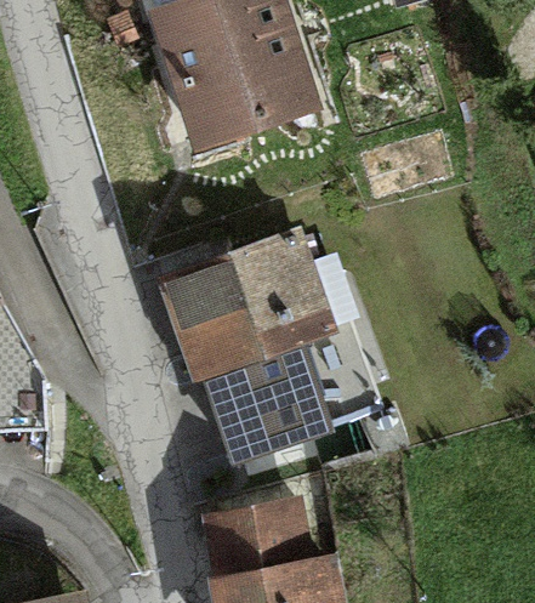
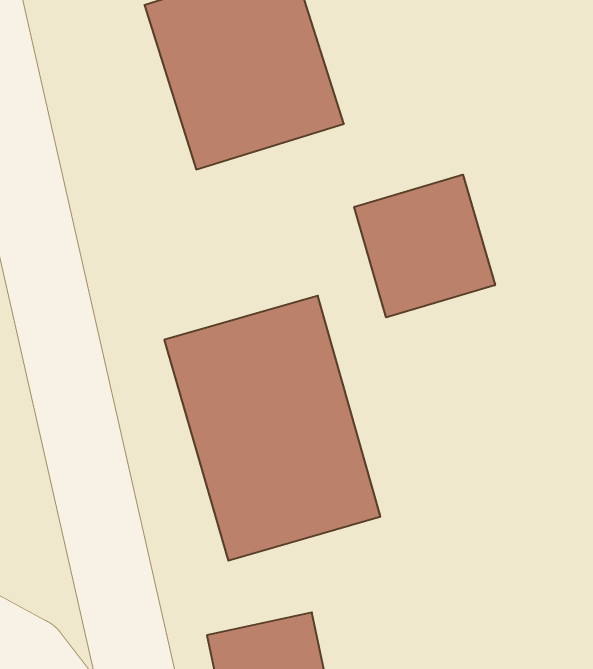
building: none -> [354,175,495,317]

